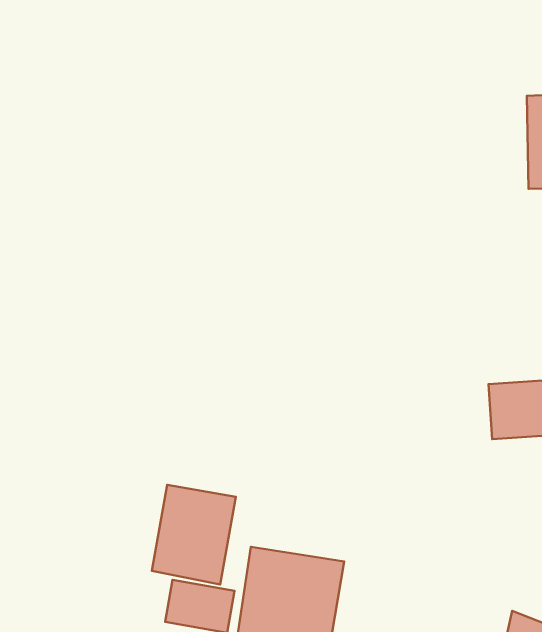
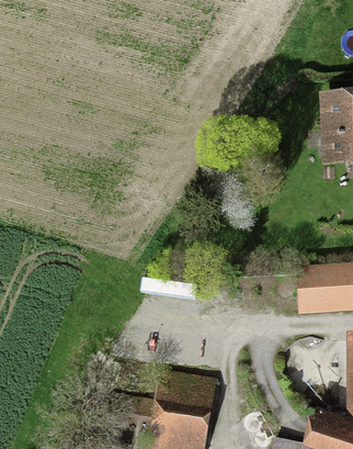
building: [152,485,236,585] -> none

